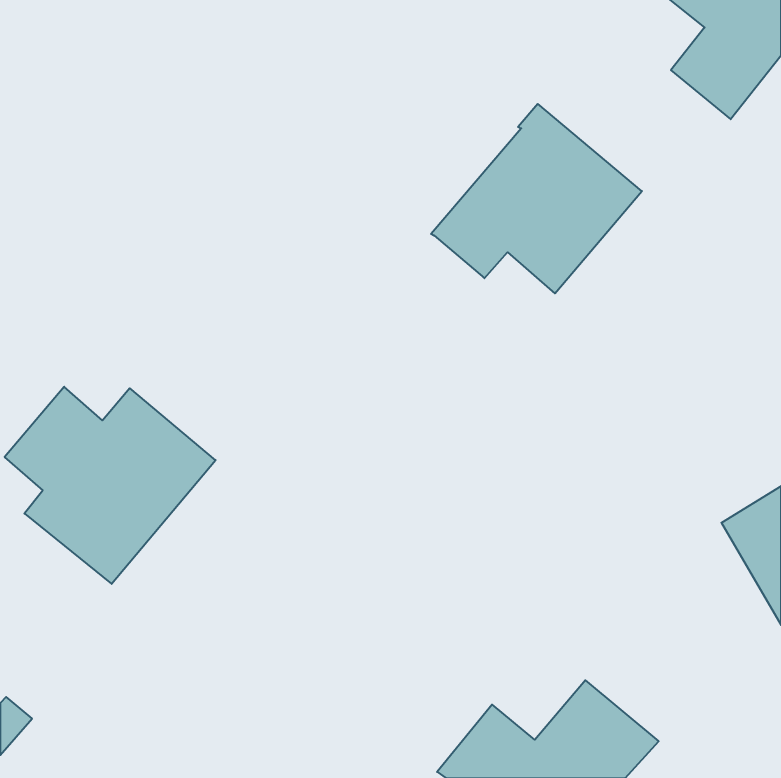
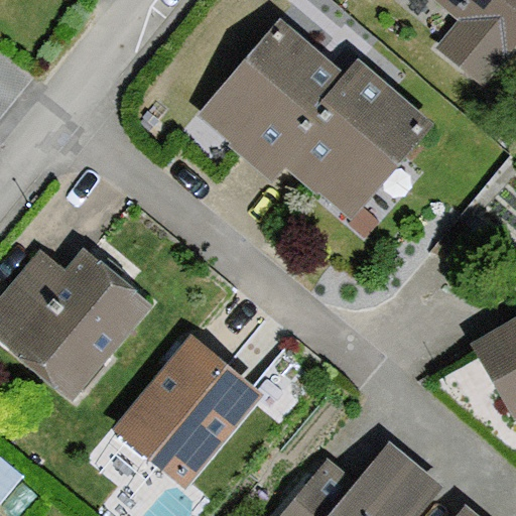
building: none -> [220,29,344,170]
building: none -> [117,346,250,475]

